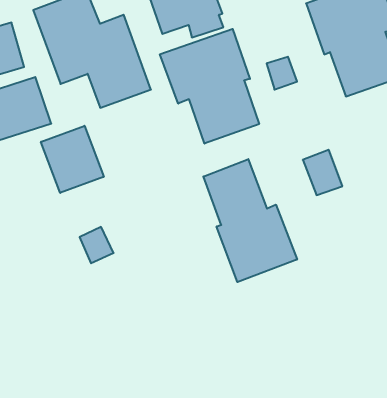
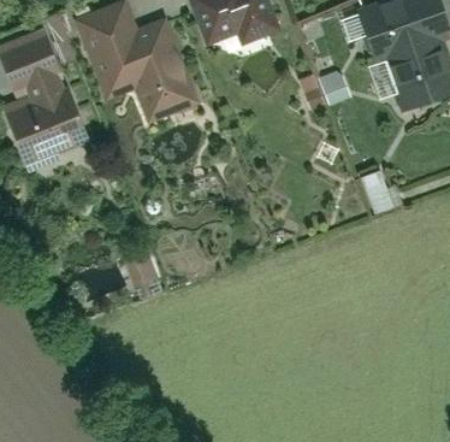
building: [160,29,259,144] -> none
building: [41,126,104,193] -> none
building: [203,159,297,282] -> none

